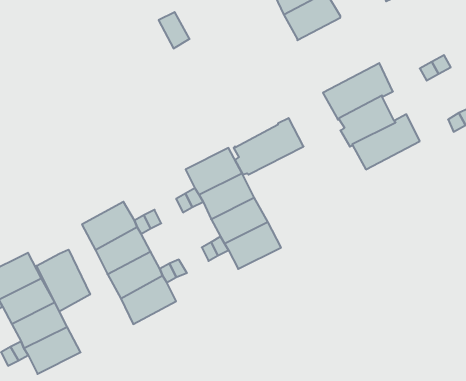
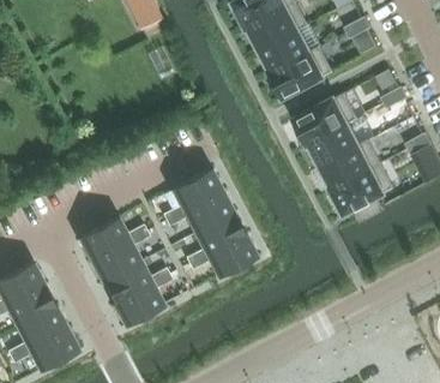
building: [234,118,304,175] -> [271,47,333,97]
building: none -> [332,163,394,214]
building: [36,250,90,311] -> none

